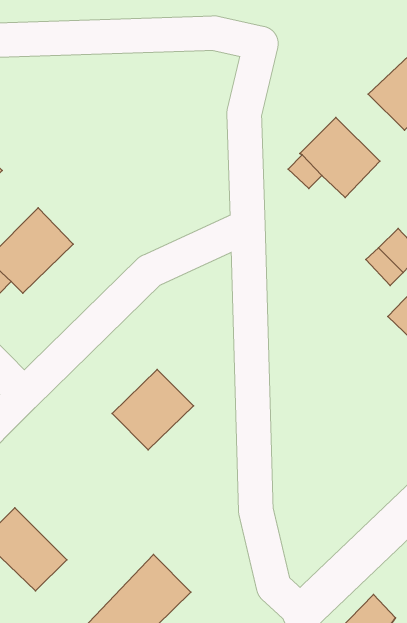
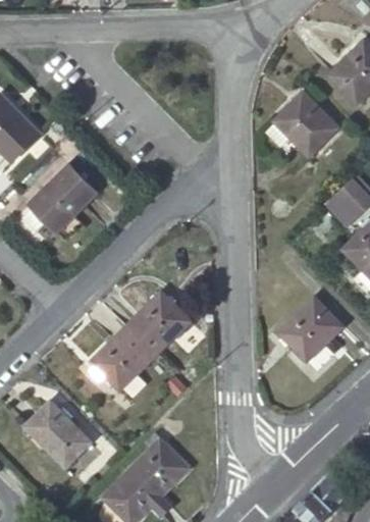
building: none -> [279,298,343,360]
building: none -> [92,326,155,389]

